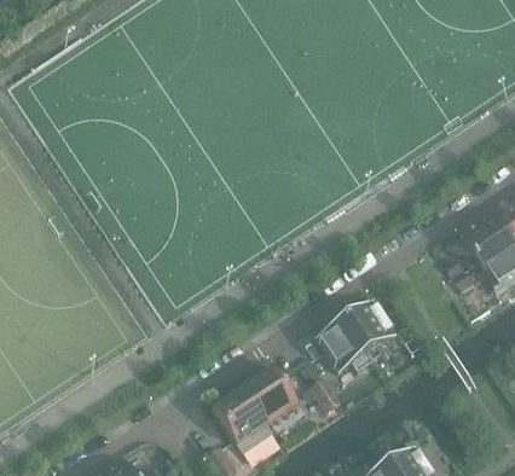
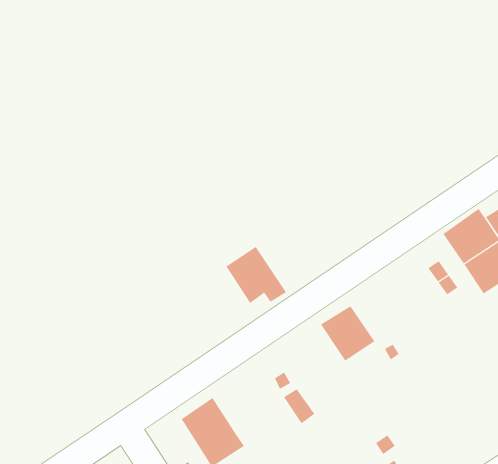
building: [317,318,375,372] -> [226,246,287,304]
building: [244,367,297,424] -> none

